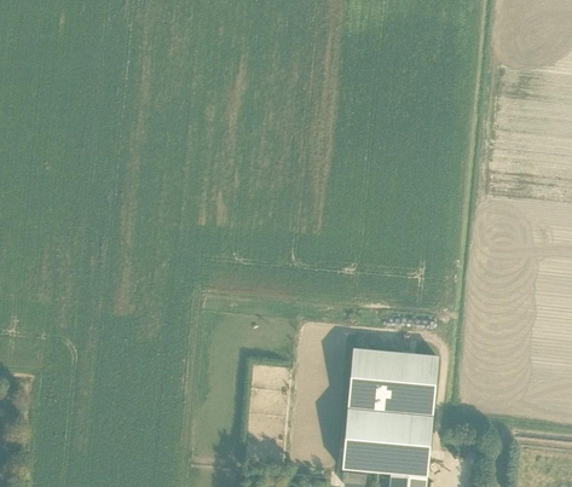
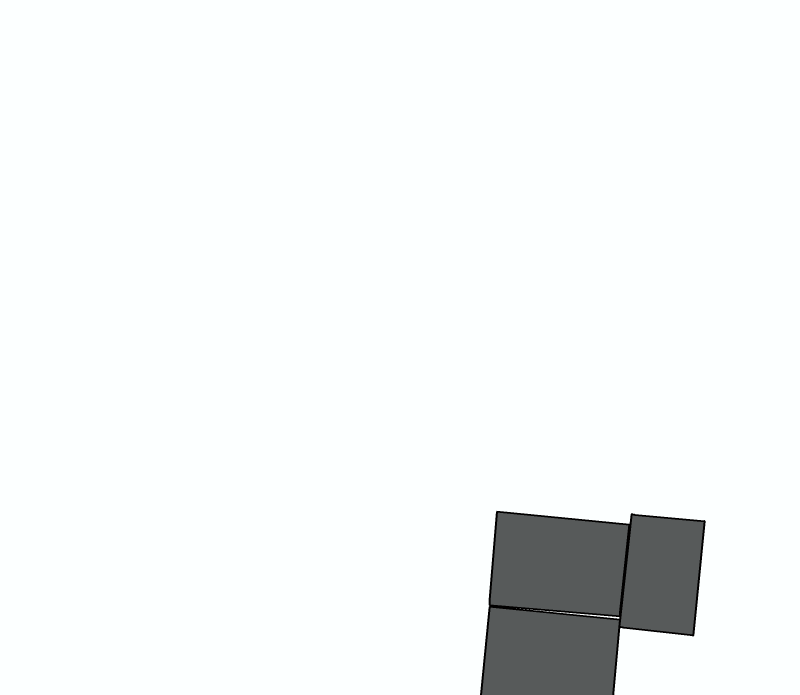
building: none -> [619,514,704,636]

